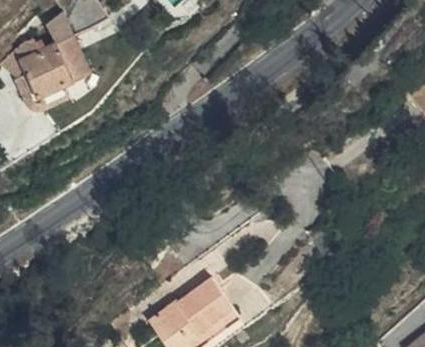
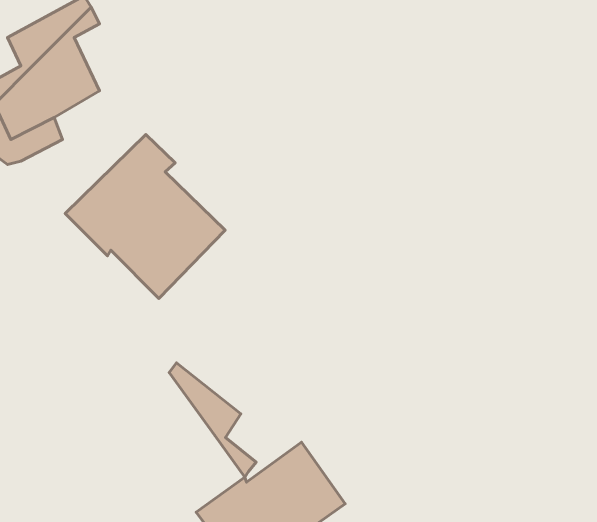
building: none -> [65,135,225,298]
building: none -> [169,363,256,477]

